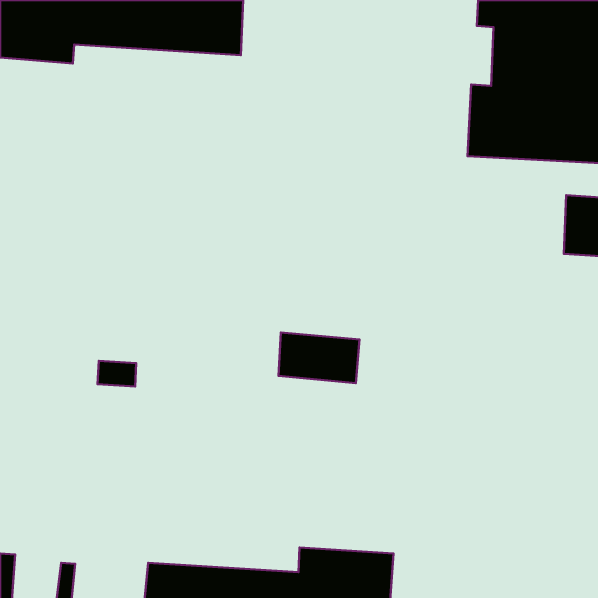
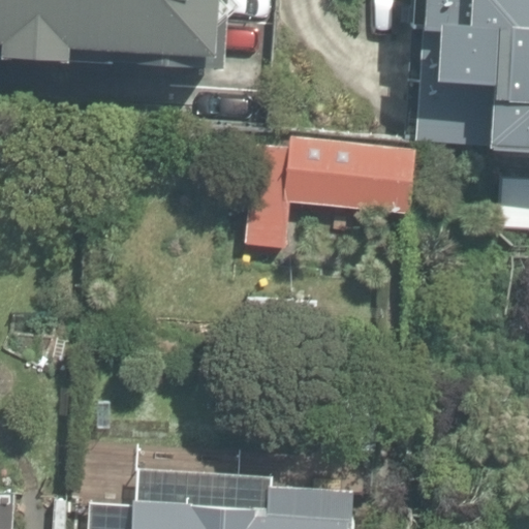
building: none -> [247,132,414,247]

